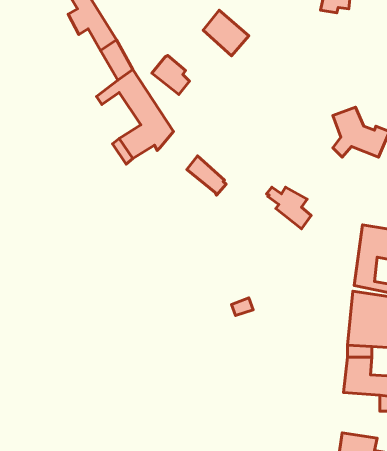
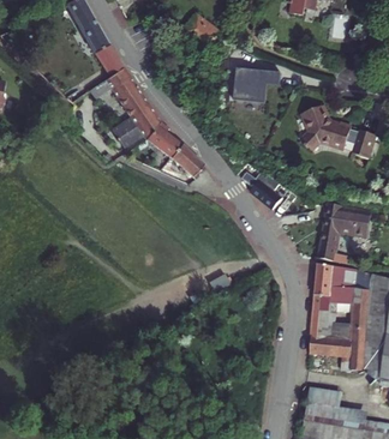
building: [152,55,190,95] -> [145,121,179,156]
building: none -> [232,66,279,101]

